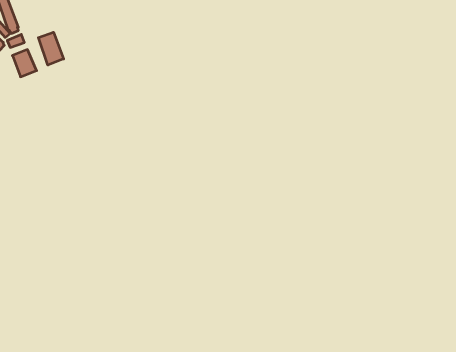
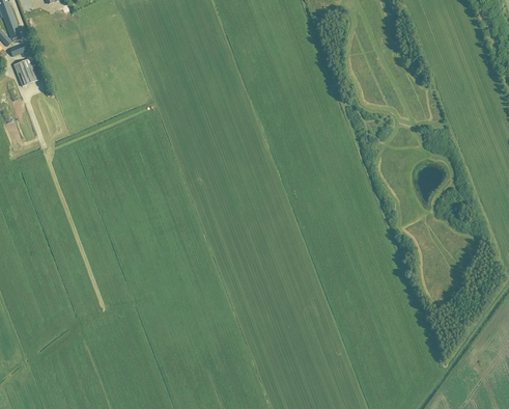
building: [38,32,64,65] -> none

